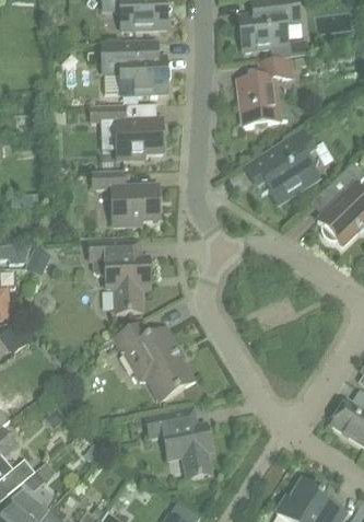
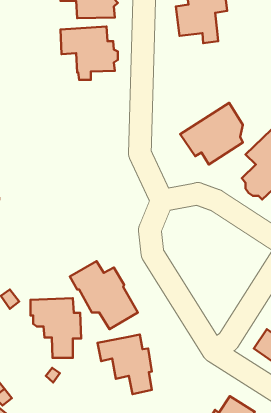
building: [237,57,294,125] -> none
building: [91,105,163,159] -> none
building: [93,171,158,225] -> none
building: [90,240,150,311] -> [31,298,81,358]

